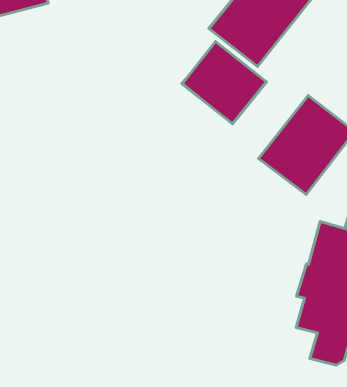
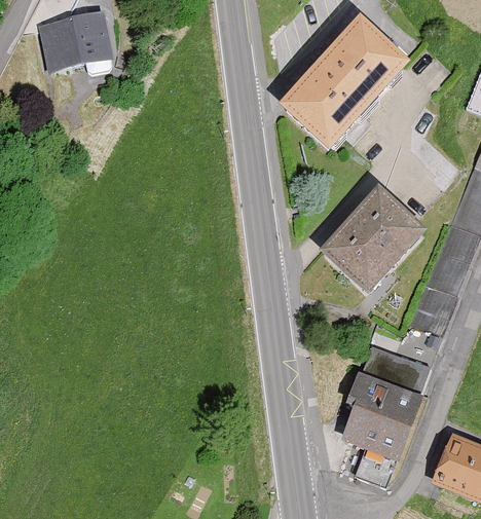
building: [182,41,266,124] -> none

